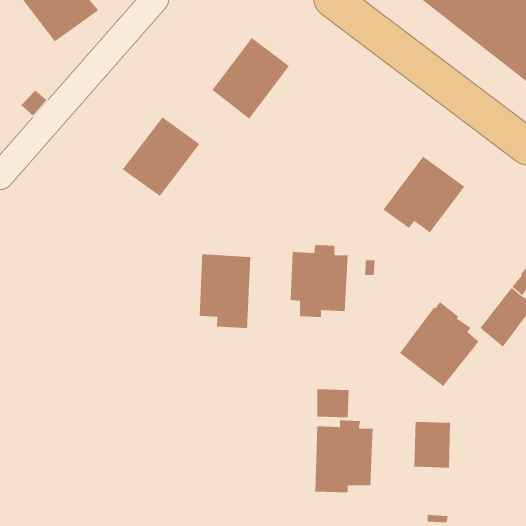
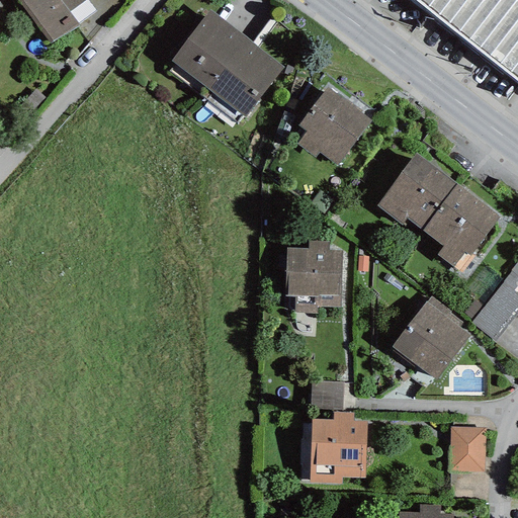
building: none -> [297,86,373,164]
building: [122,116,200,197] -> [171,9,248,88]
building: none -> [423,183,500,271]
building: [199,254,251,329] -> none
building: [414,422,451,468] -> [449,426,486,471]

